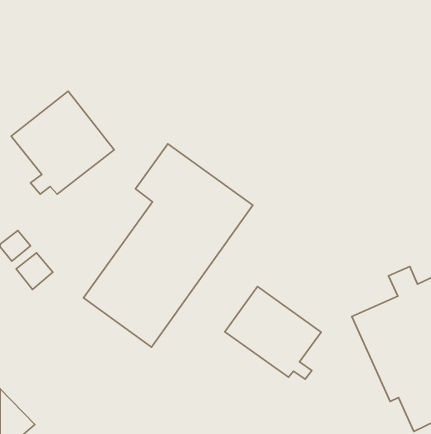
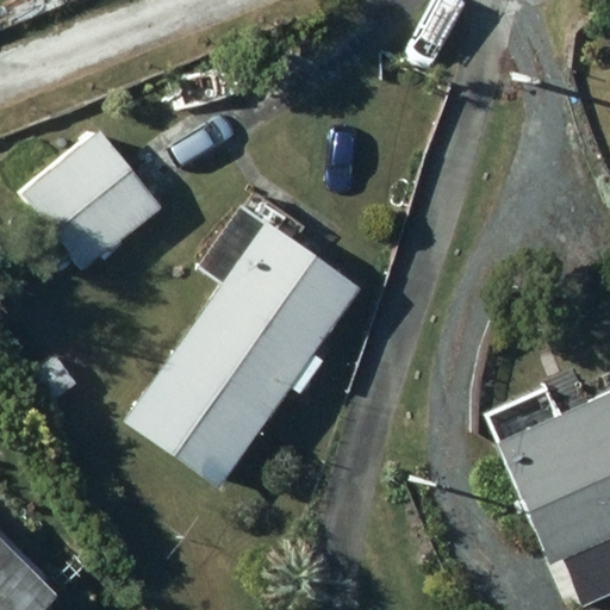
building: [225,286,321,379] -> none

